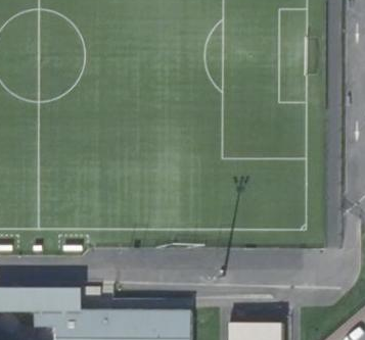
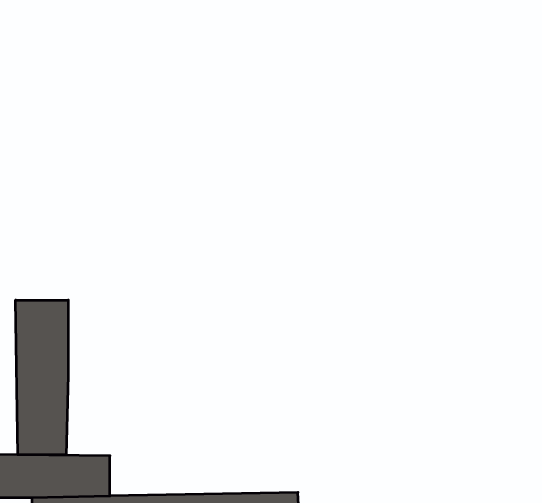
building: none -> [16,300,68,455]

